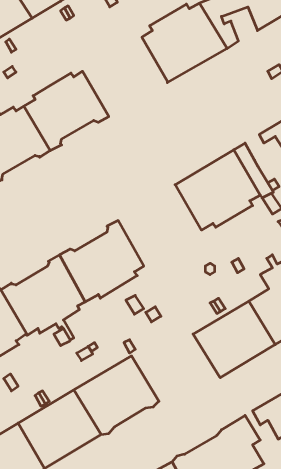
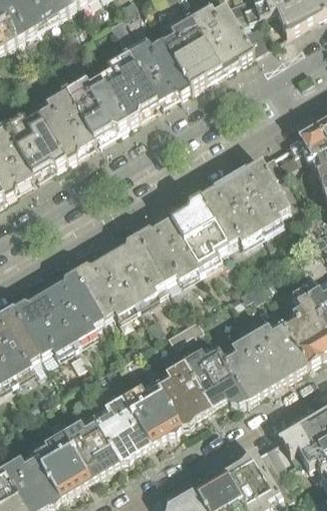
building: none -> [98,40,189,124]
building: none -> [136,197,226,283]
building: none -> [150,343,244,426]

